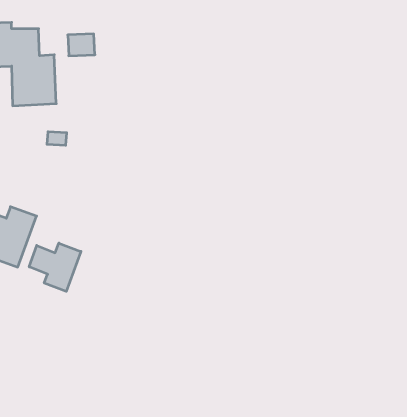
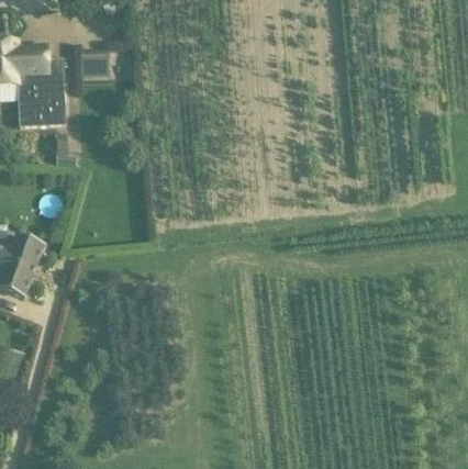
building: [29,243,81,291] -> none

